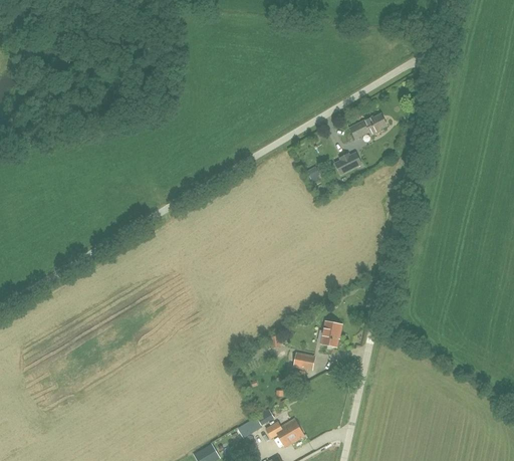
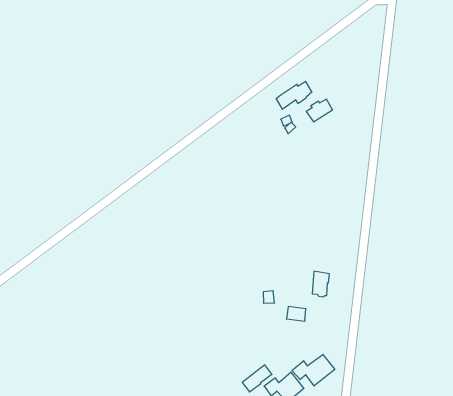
building: [350,112,387,138] -> [276,81,312,109]
building: none -> [292,354,335,386]

